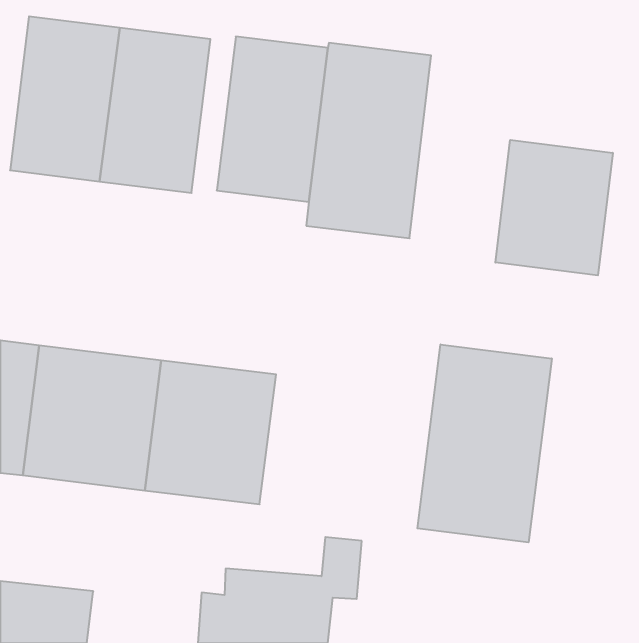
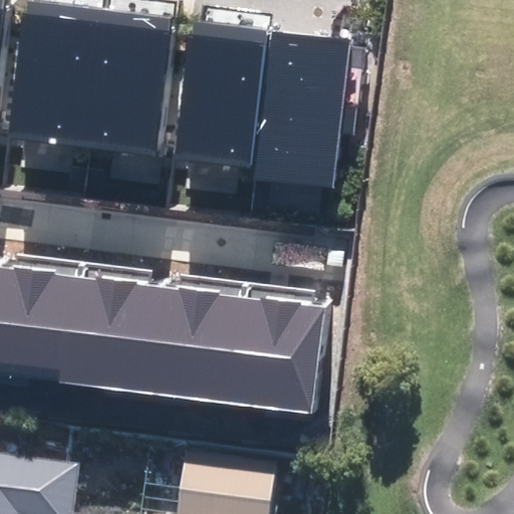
building: [495,140,613,275] -> none
building: [417,344,552,542] -> none
building: none -> [211,298,314,413]

